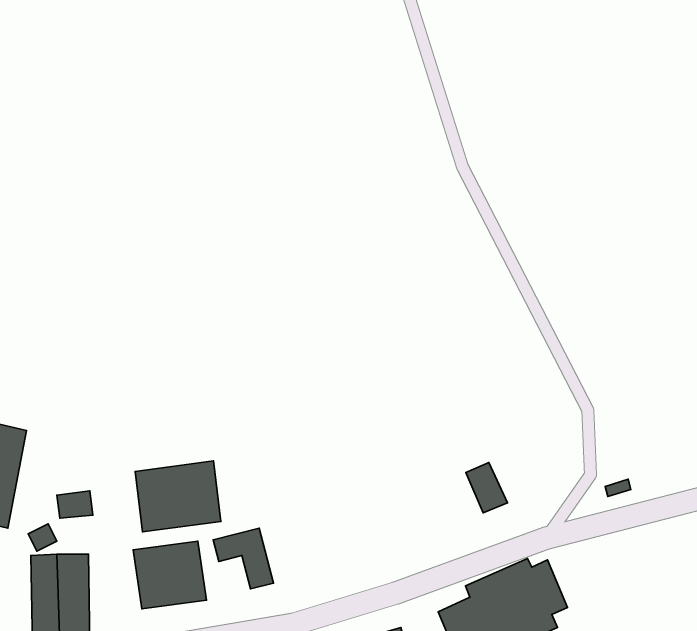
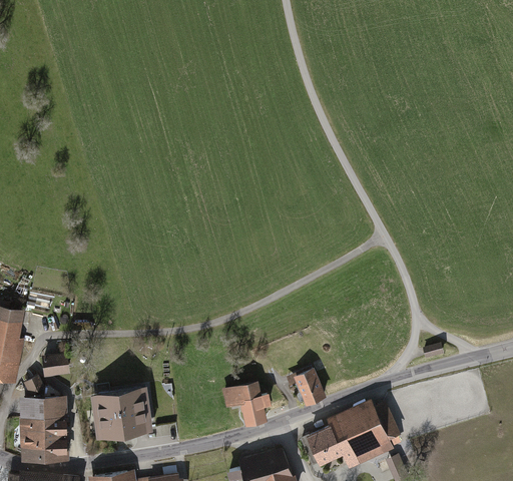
building: [135,461,221,532] -> none
building: [466,462,508,513] -> [297,370,326,405]
building: [213,528,273,589] -> [223,383,266,425]

